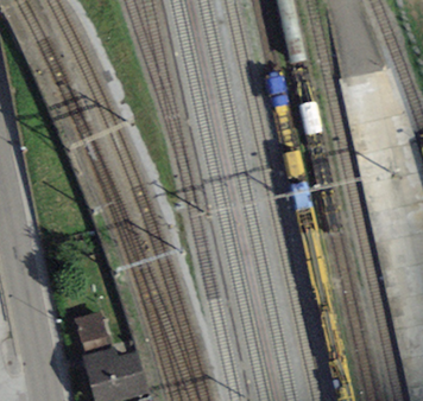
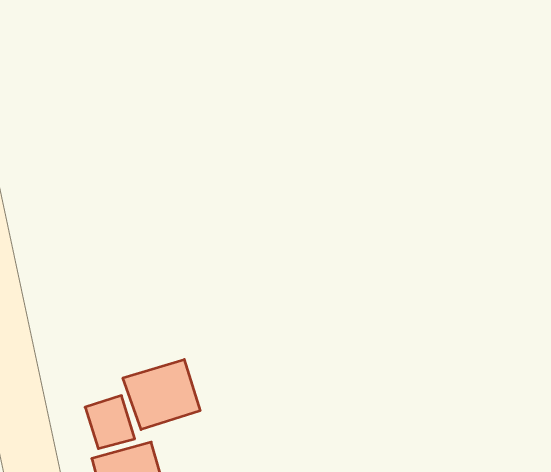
building: none -> [123,359,200,430]

